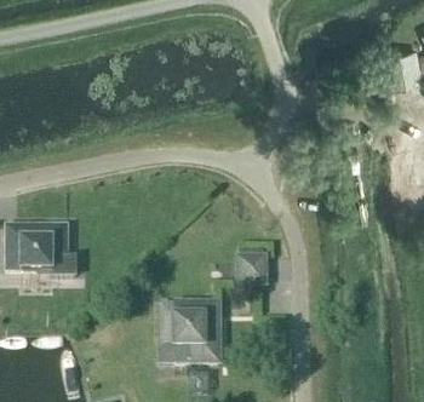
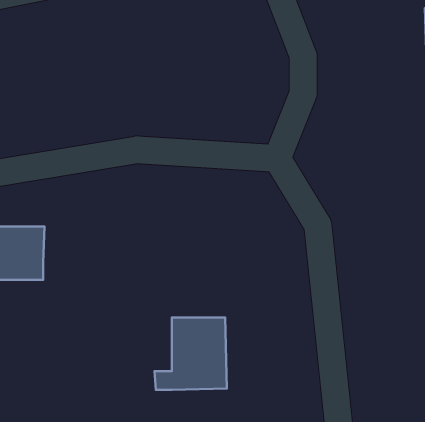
building: [242,258,270,286] -> none

